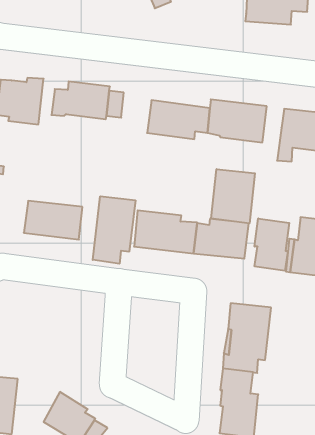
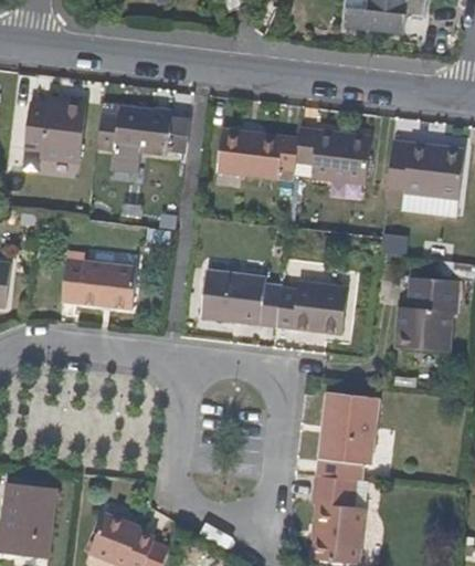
building: [211,169,255,223] -> none
building: [93,196,135,264] -> none
building: [255,218,289,271] -> none

